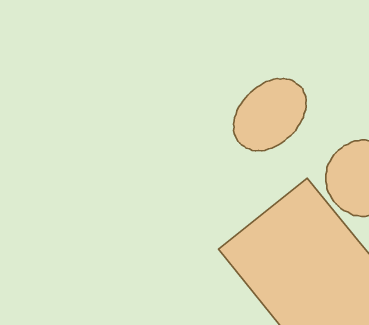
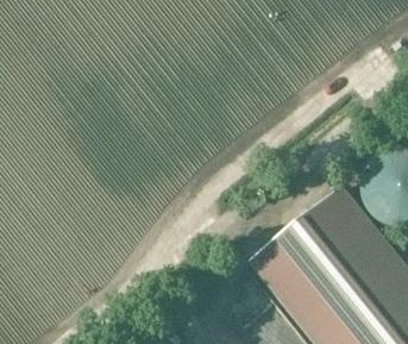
building: [234,78,306,151] -> none

